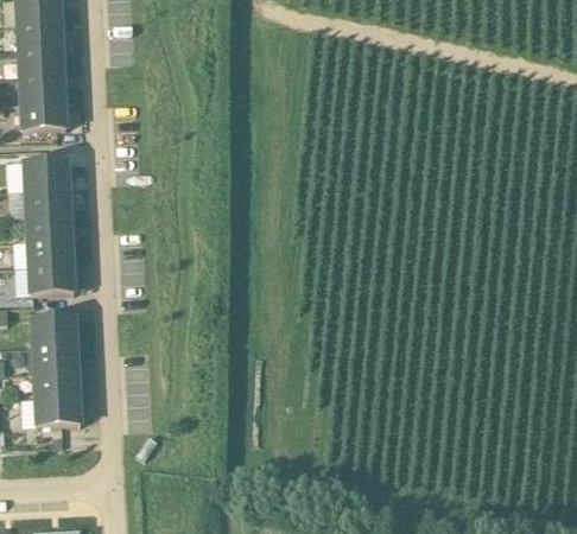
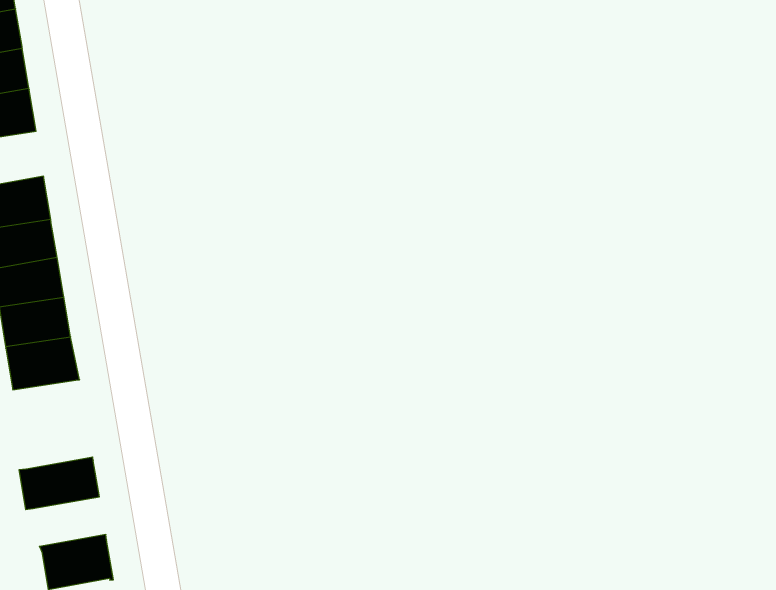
building: [31,314,76,344] -> none
building: [33,368,78,395] -> none

